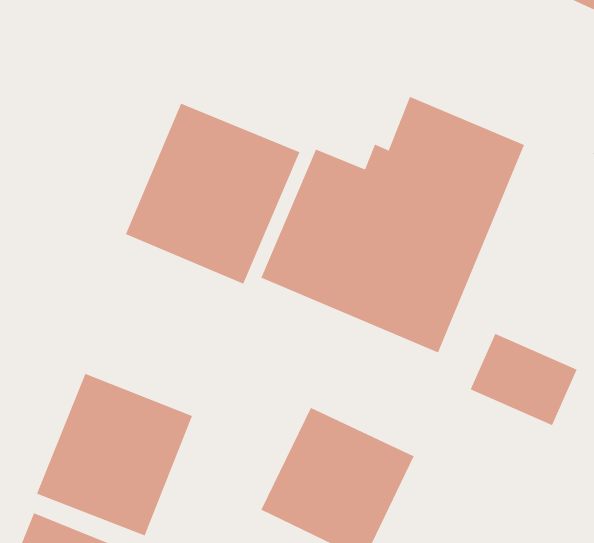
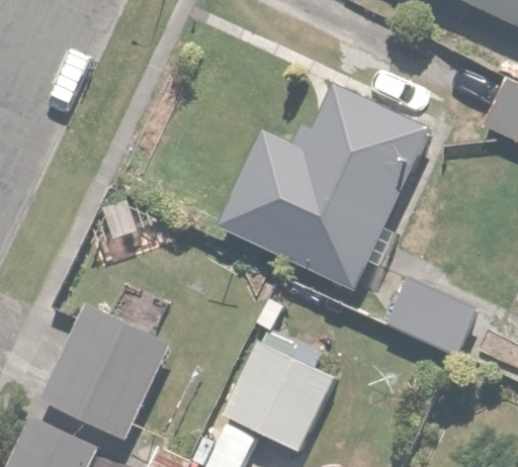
building: [125,103,300,284] -> none

